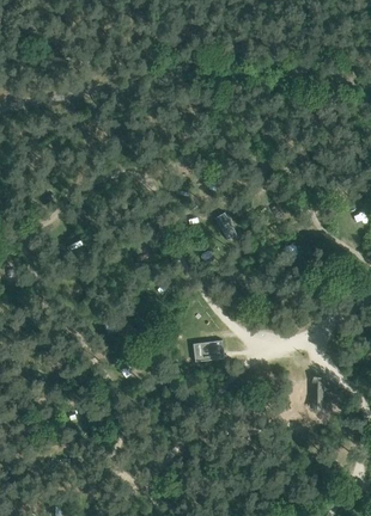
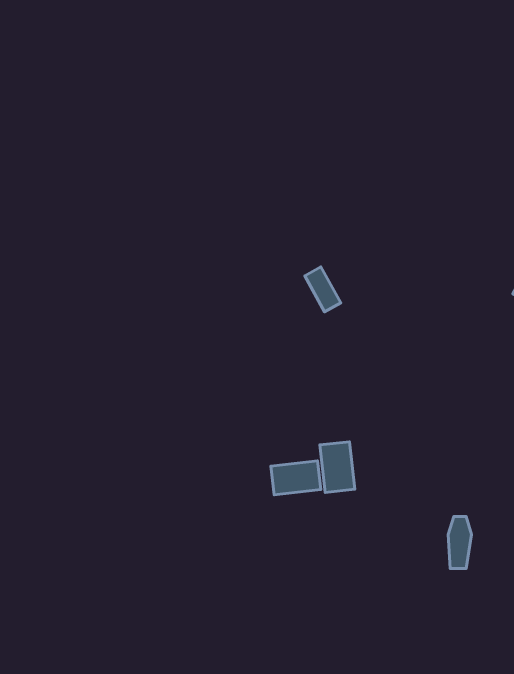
building: none -> [320,442,355,492]

